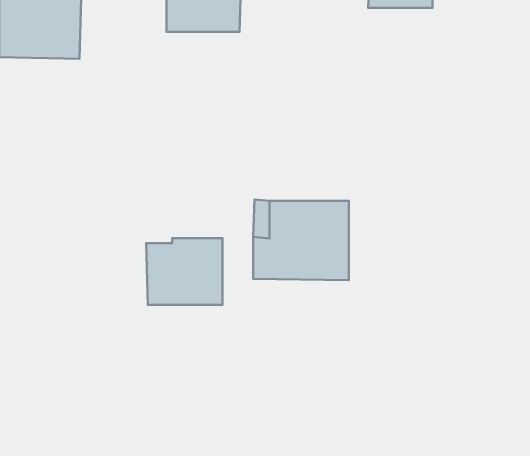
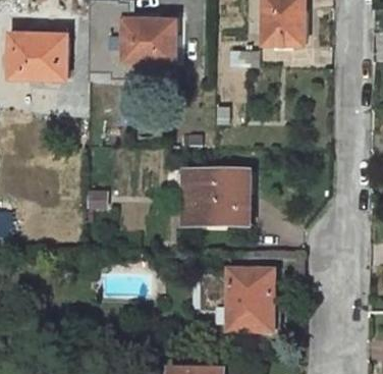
building: [146,238,222,305] -> none
building: none -> [199,270,274,331]

